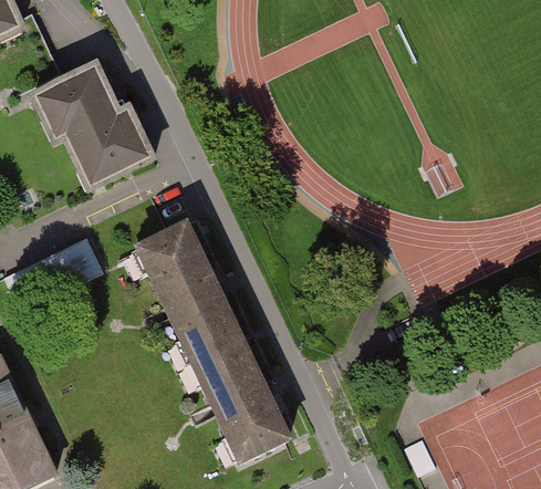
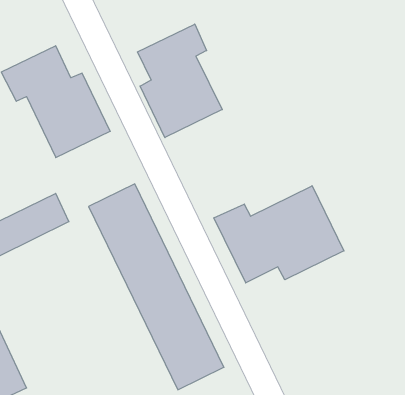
building: none -> [137,24,222,138]
building: none -> [214,186,344,283]

